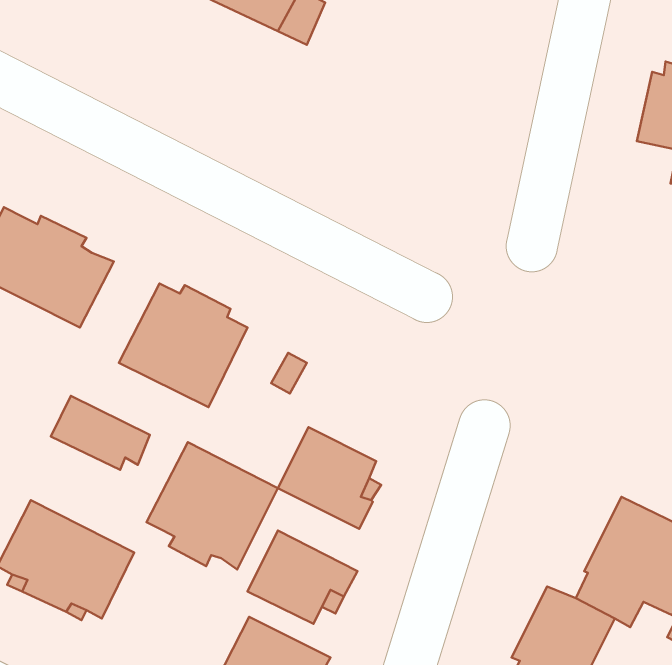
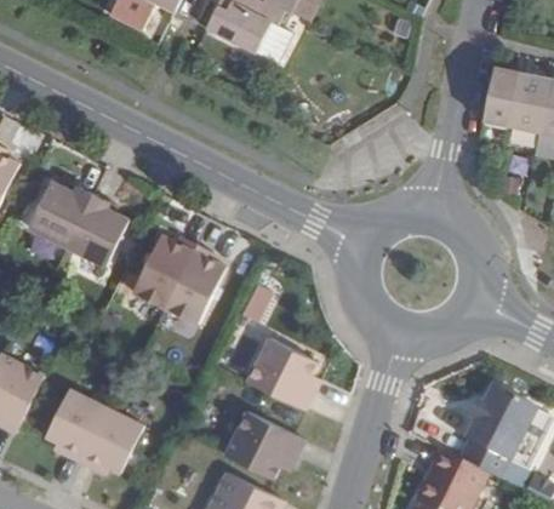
building: none -> [476,69,515,132]
building: [51,396,150,470] -> none
building: [146,442,278,569] -> none

